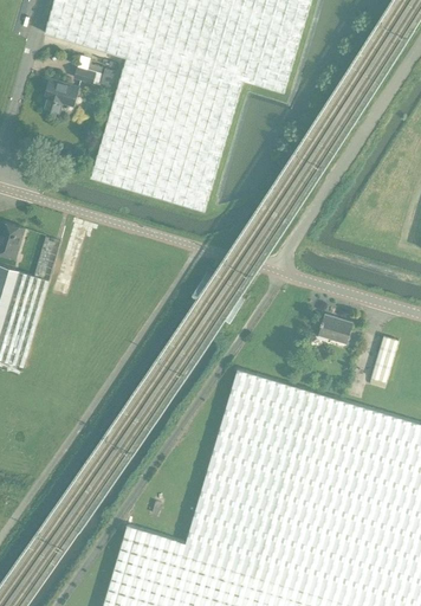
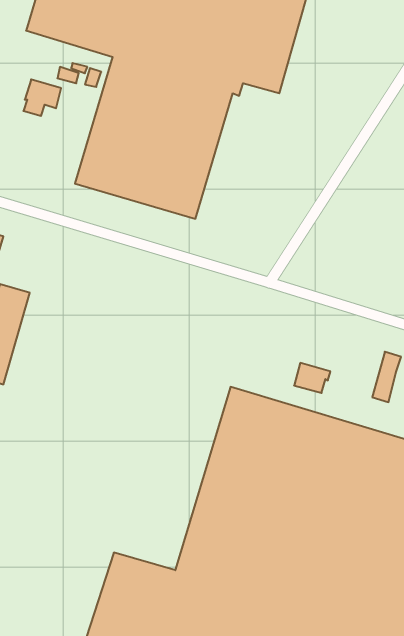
building: [318,315,352,343] -> [294,363,330,393]

